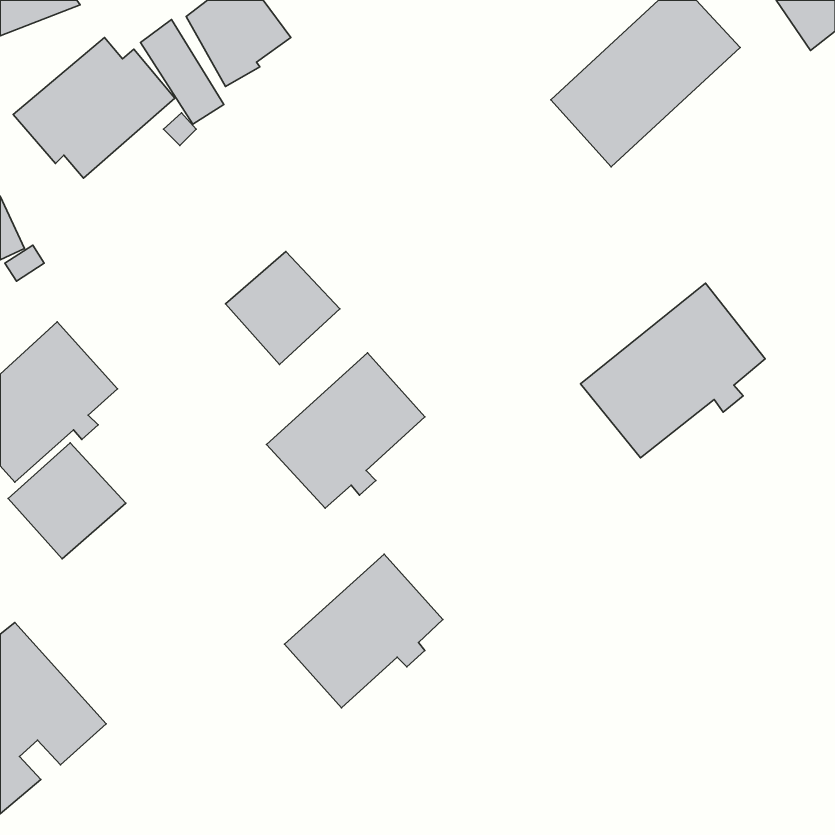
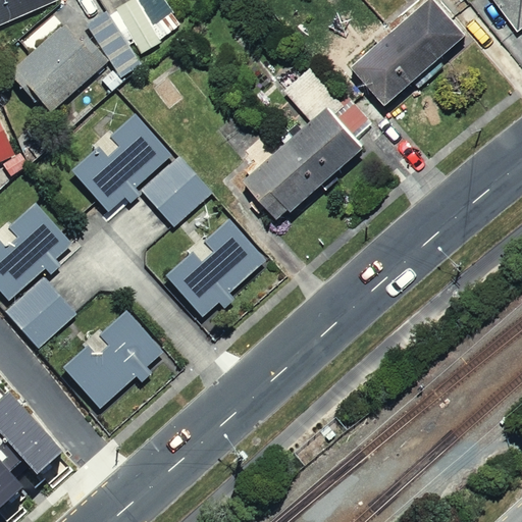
building: none -> [233,64,369,220]
building: none -> [72,113,173,211]
building: [580,283,765,458] -> none
building: [284,554,443,708] -> [65,311,164,407]

